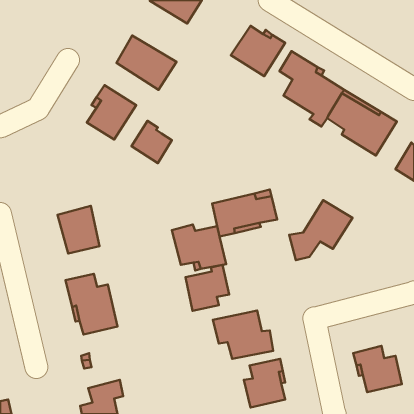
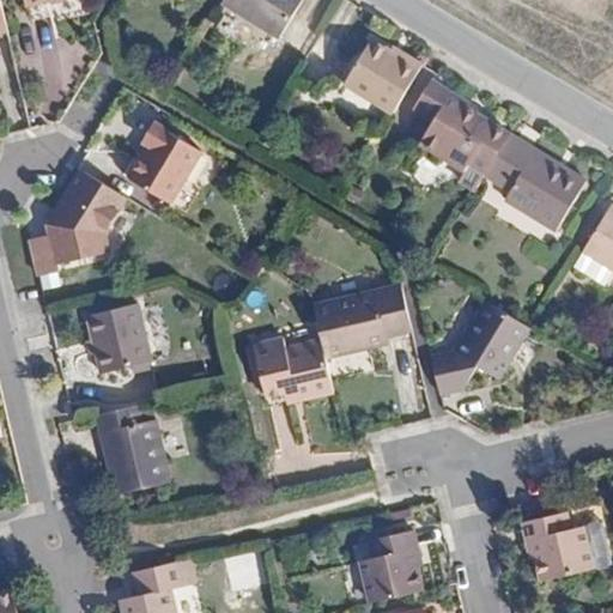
building: [116,36,176,90] -> none
building: none -> [29,172,129,280]
building: [131,121,172,163] -> none
building: [185,265,229,311] -> none
building: [213,311,273,359] -> none

